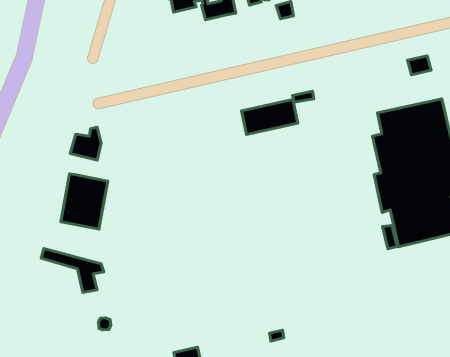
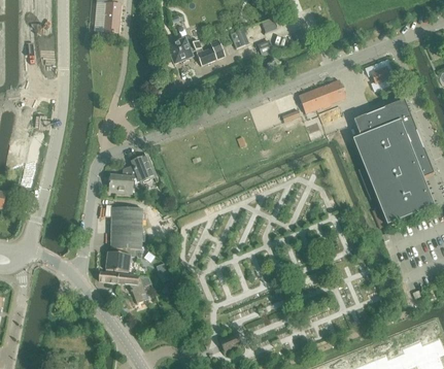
building: [241,100,298,134] -> [299,79,346,113]
building: none -> [128,154,157,186]
building: none -> [105,247,141,271]

